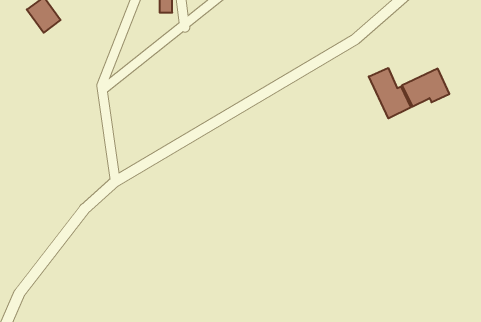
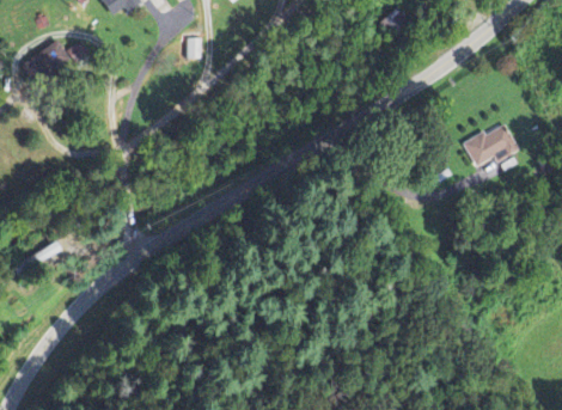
building: [369,68,411,118] -> none

